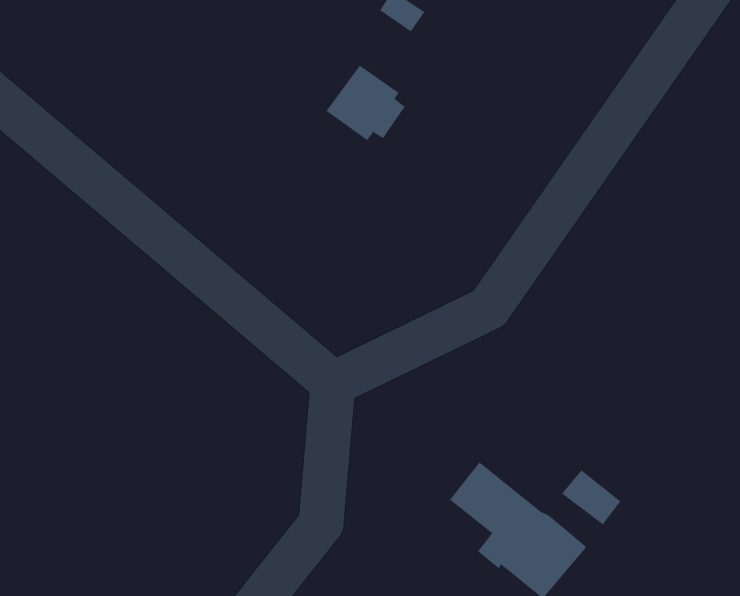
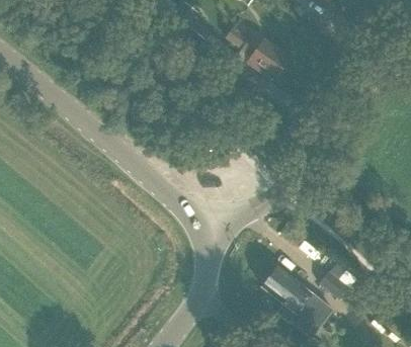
building: [325,65,405,141] -> [247,39,287,78]

